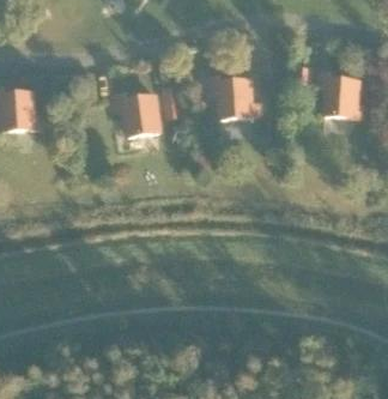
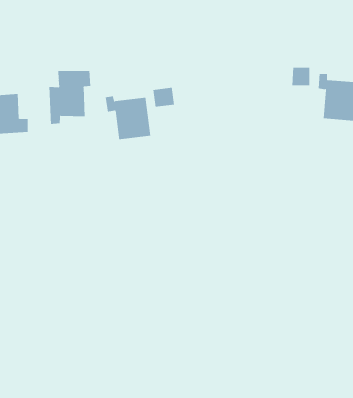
building: none -> [49,70,91,125]
building: [211,75,261,119] -> none

